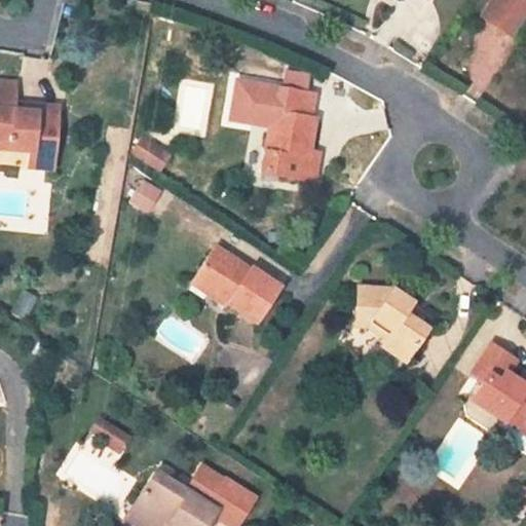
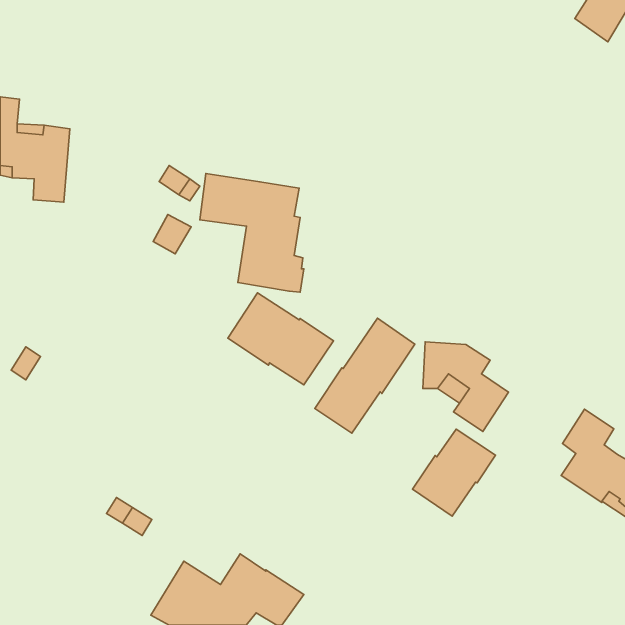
building: [231,80,318,180] -> [200,173,304,292]
building: none -> [315,318,415,433]
building: none -> [413,429,495,516]

